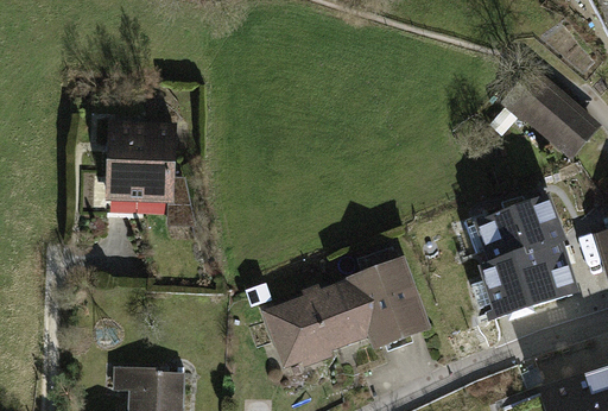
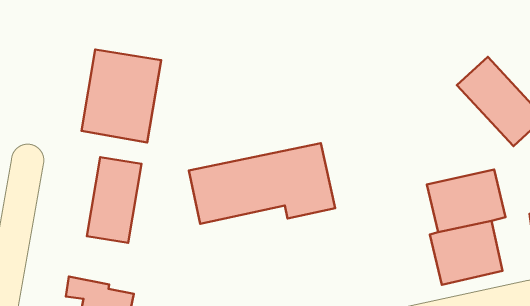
building: none -> [87,157,142,243]
building: [265,263,425,366] -> [189,143,335,224]

